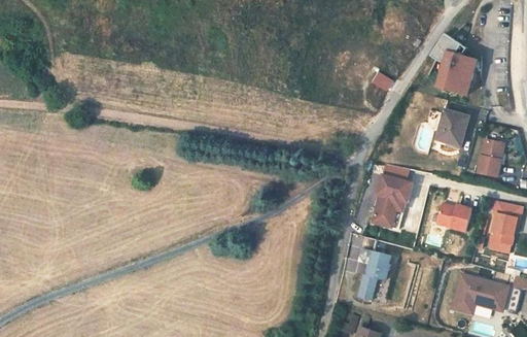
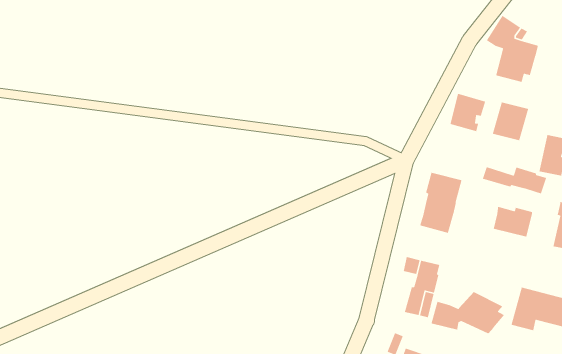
building: none -> [449,93,486,132]
building: none -> [482,166,547,195]
building: none -> [431,291,505,334]

